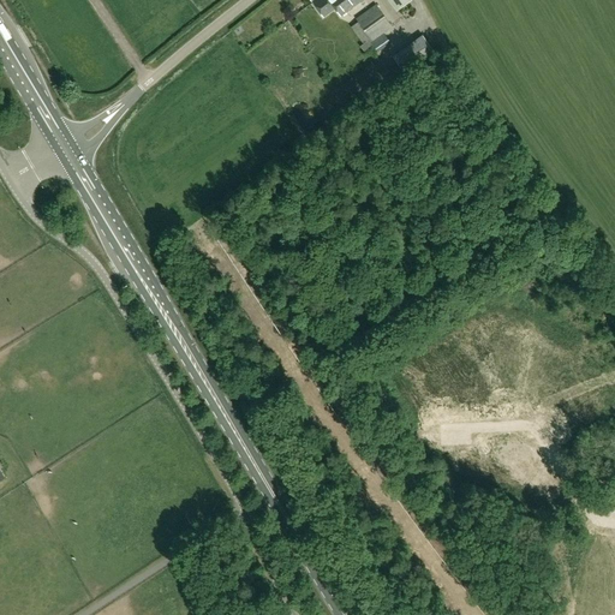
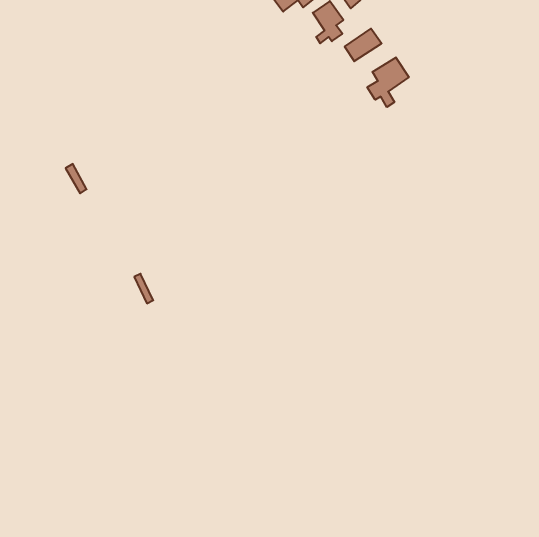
building: none -> [367,57,409,107]

